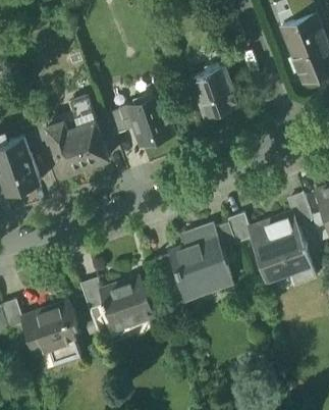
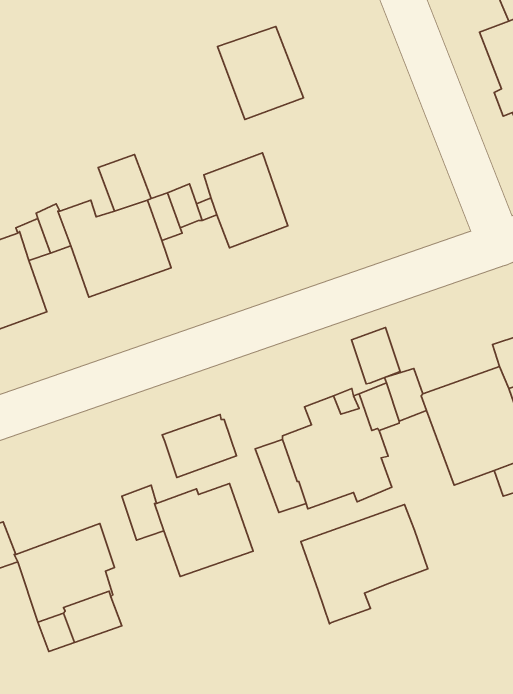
building: [190,67,238,119] -> [218,27,303,120]
building: none -> [351,327,400,384]
building: none -> [162,415,236,477]
building: none -> [301,505,428,624]

